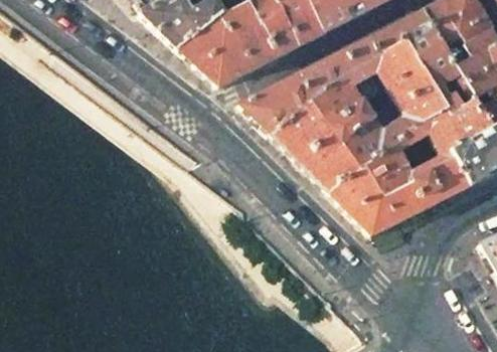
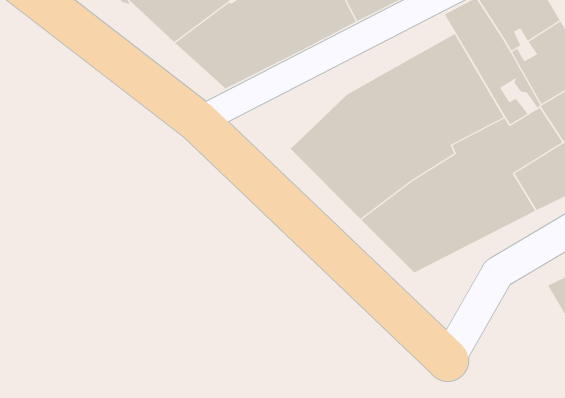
building: [239,23,405,132] -> none

